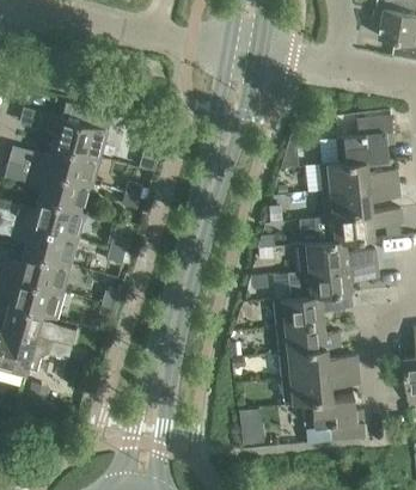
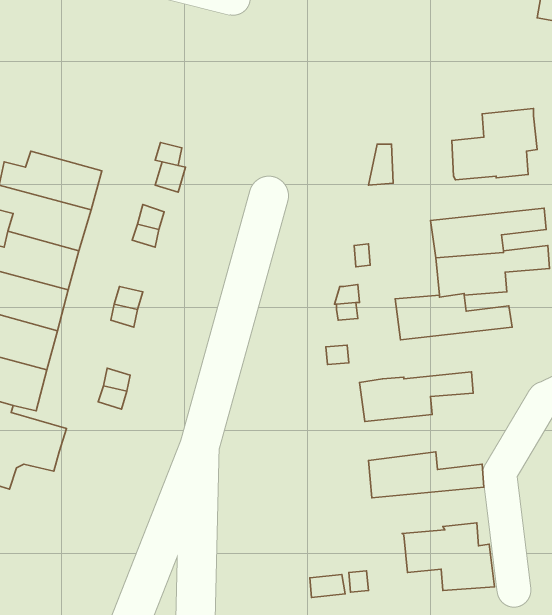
building: [42,102,112,158] -> none
building: [319,161,398,191] -> none
building: [287,263,378,298] -> none
building: [277,321,339,353] -> none
building: [282,370,359,405] -> none

